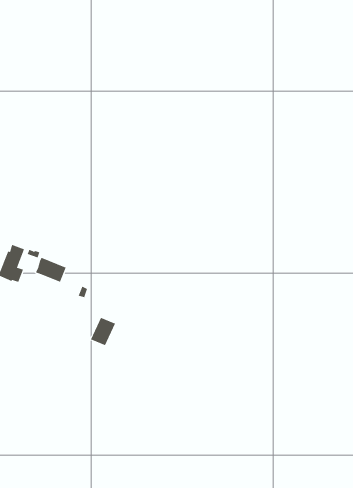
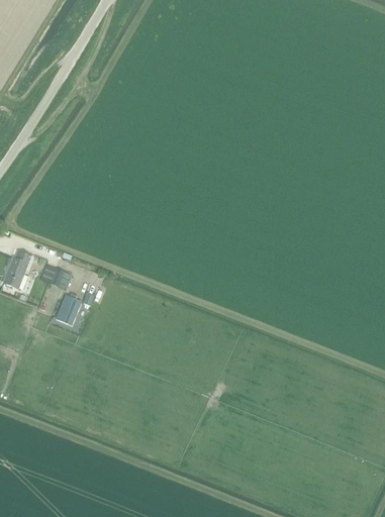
building: [90,317,116,346] -> [56,295,81,323]

